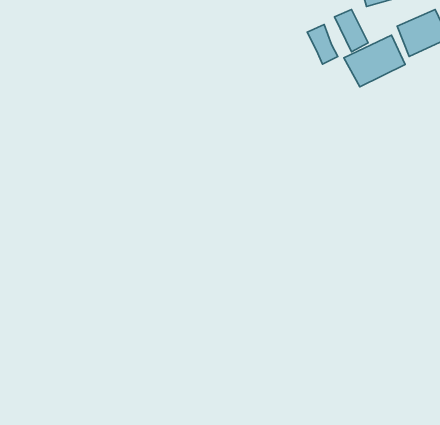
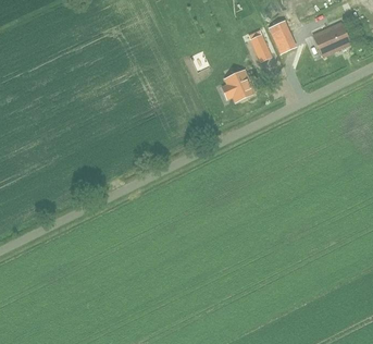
building: [344,35,405,87] -> none
building: none -> [223,69,254,100]

